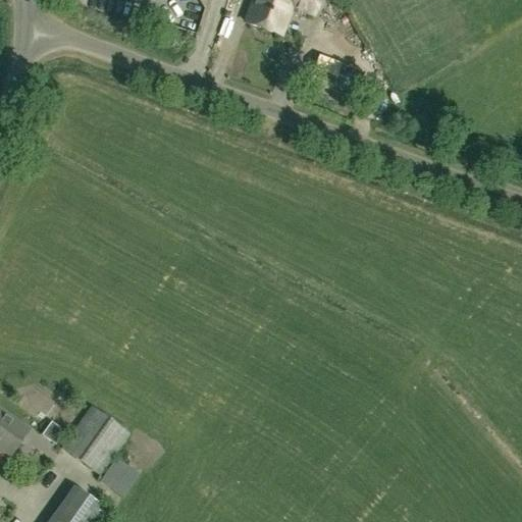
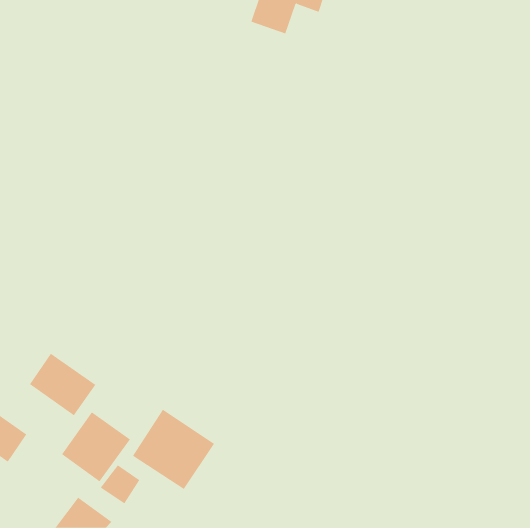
building: none -> [29,353,96,416]
building: none -> [132,409,215,490]

